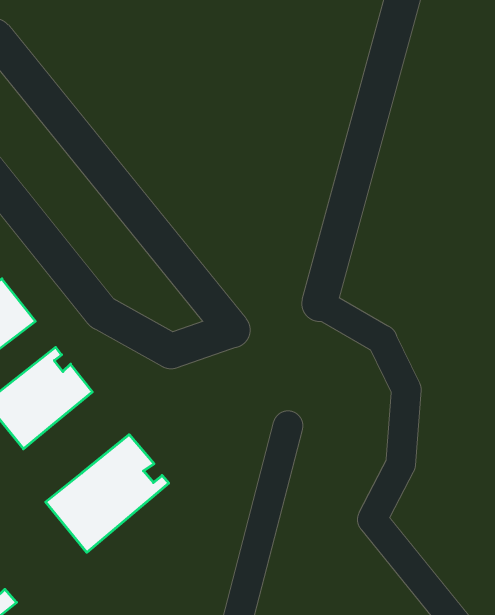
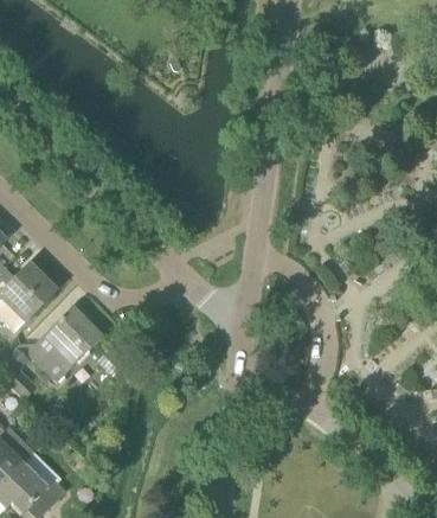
building: [46,435,169,552] -> none

